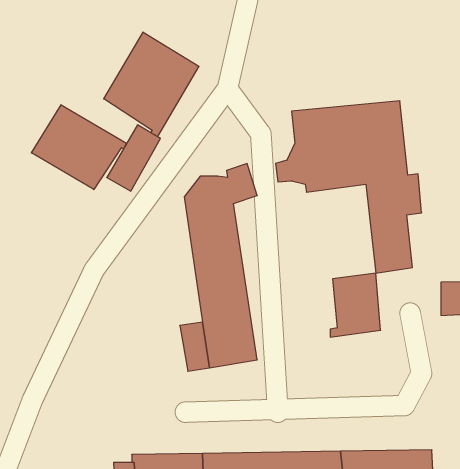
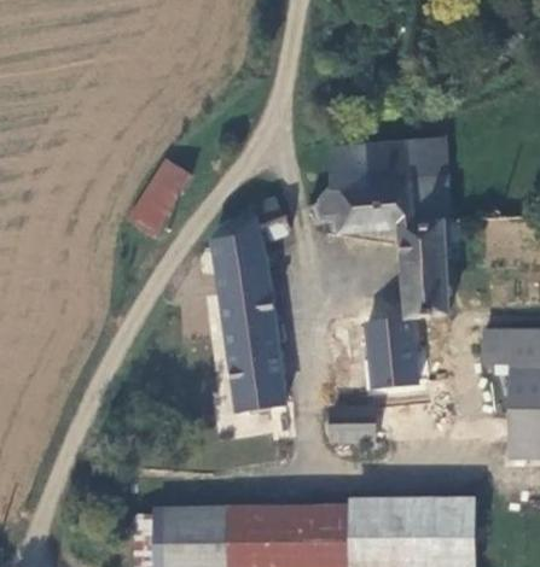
building: [104,32,199,137] -> none
building: [31,105,127,190] -> none
building: none -> [332,410,378,442]

